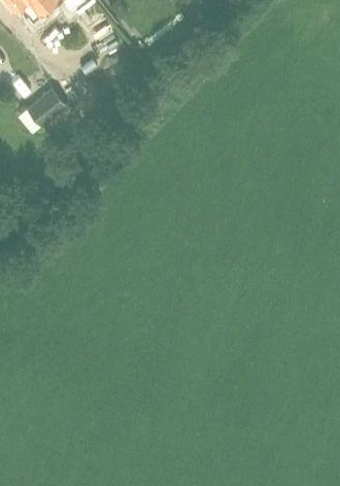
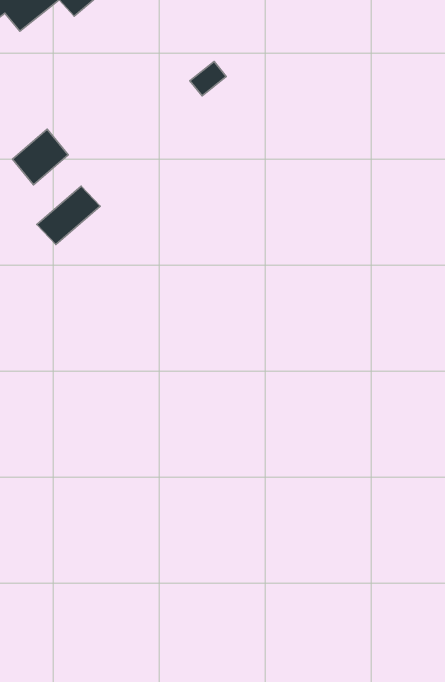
building: none -> [37,186,100,245]

